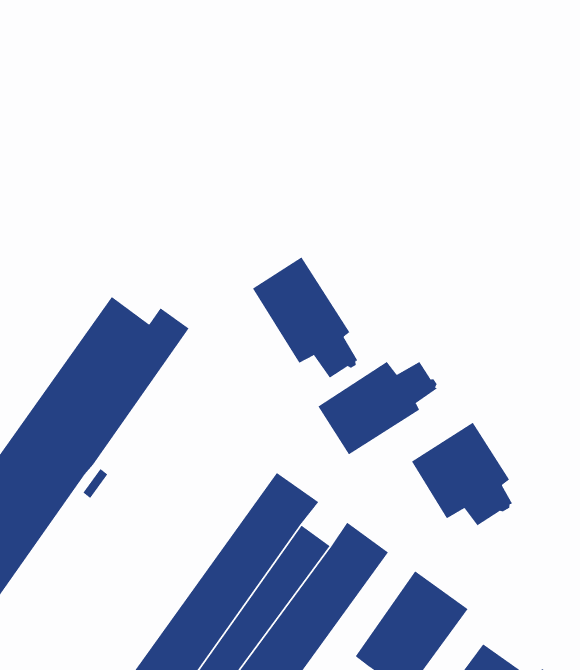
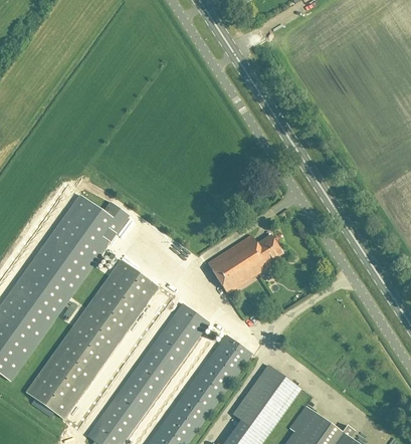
building: [252,256,358,378] -> none
building: none -> [25,259,158,419]
building: [411,422,513,526] -> none

